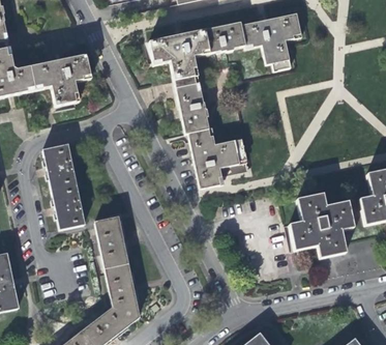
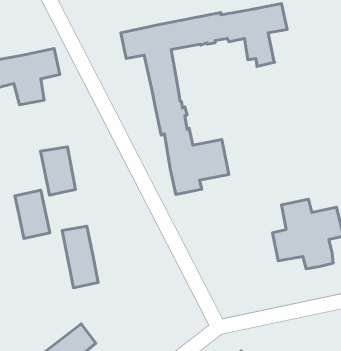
building: [43,145,76,190] -> [41,147,75,195]
building: [106,269,138,325] -> none

